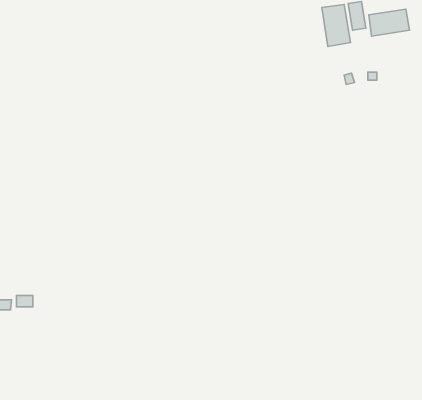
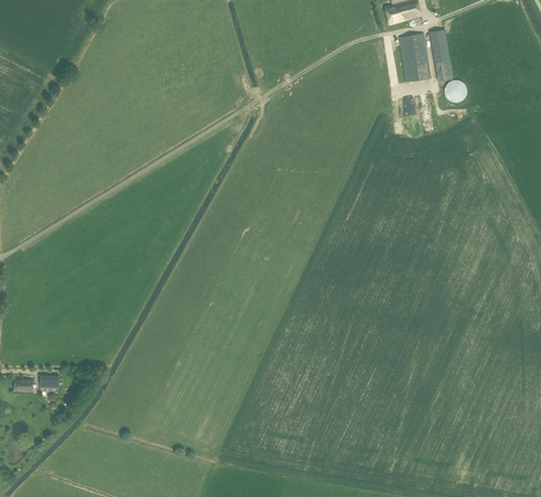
building: [369,9,409,36] -> none

